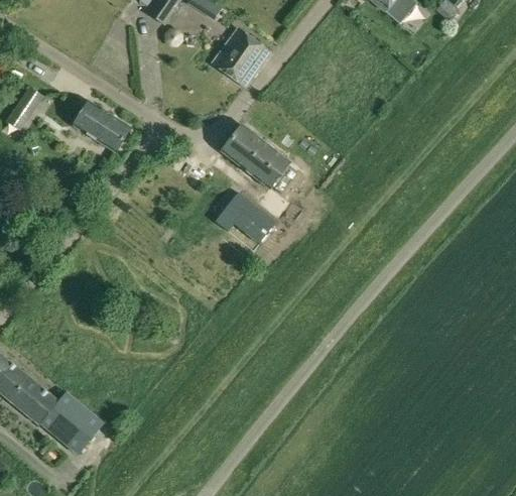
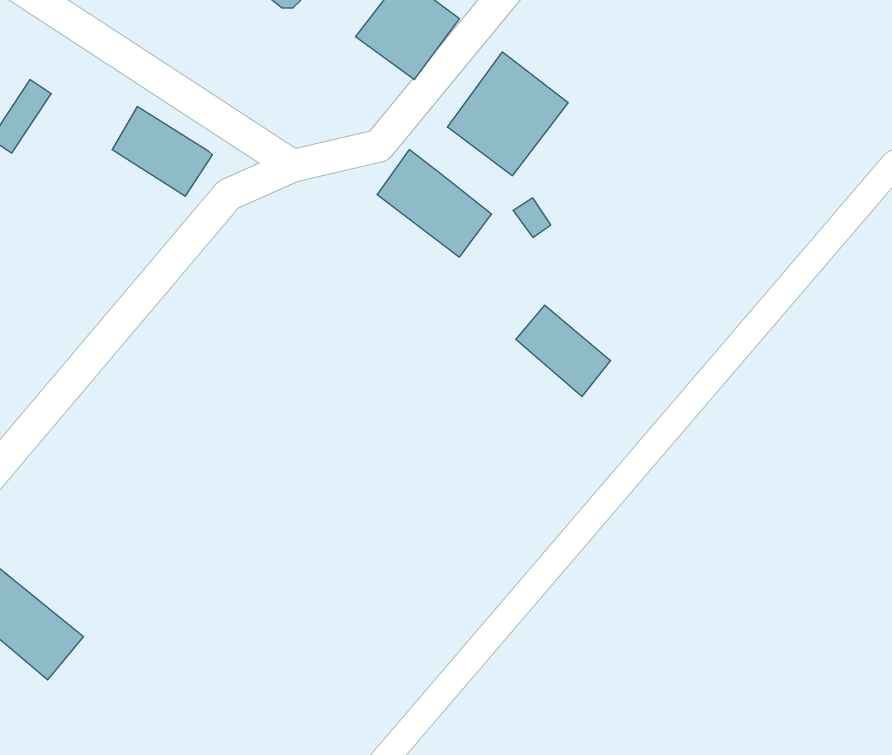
building: none -> [447,52,568,176]
building: [223,194,276,245] -> [516,305,611,397]
building: [39,390,104,454] -> none

